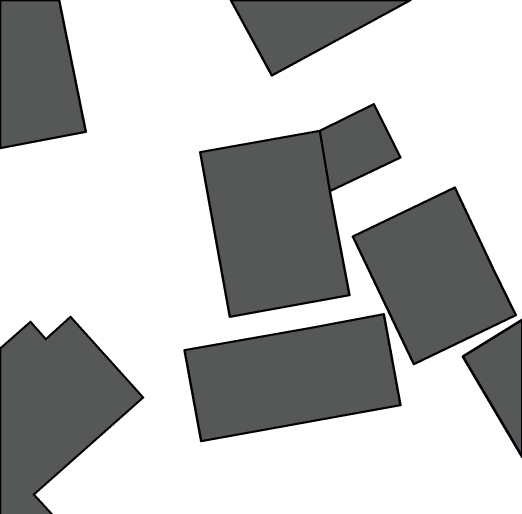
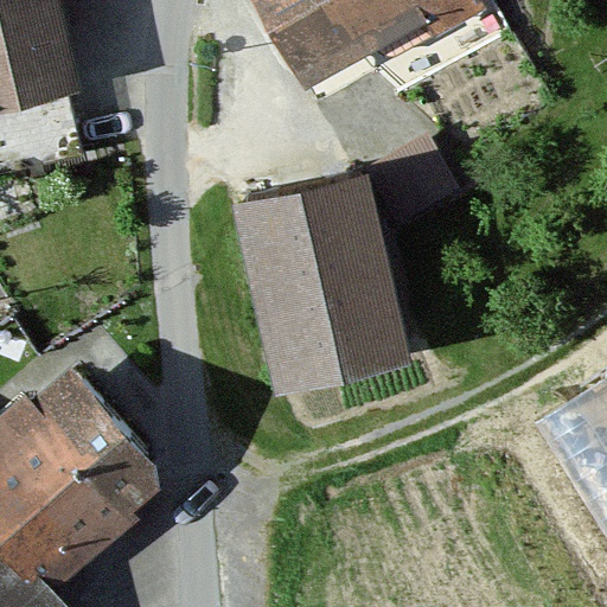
building: [353,188,516,364] -> none
building: [185,314,400,441] -> none

